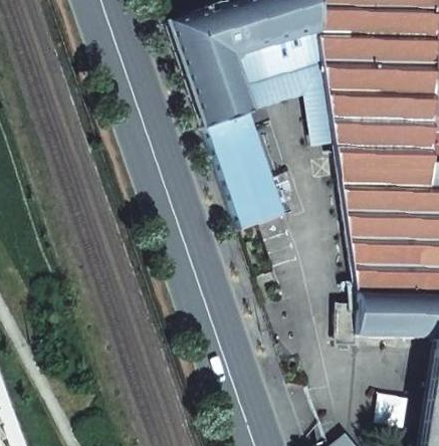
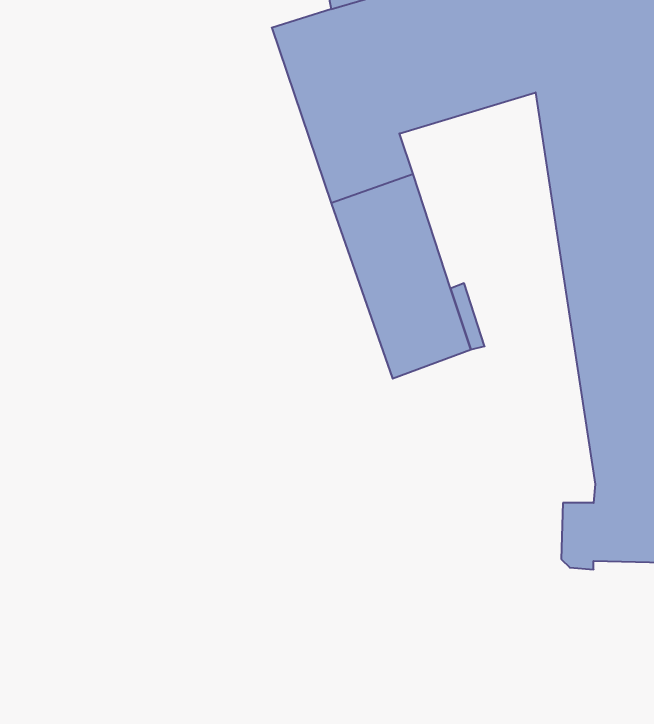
building: [246,61,339,146] -> none

